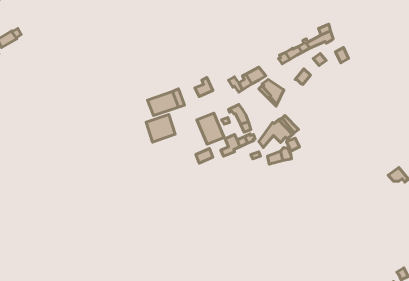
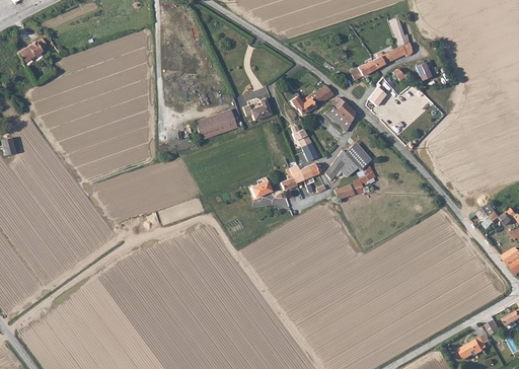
building: [197,113,224,144] -> none
building: [146,114,175,142] -> none

